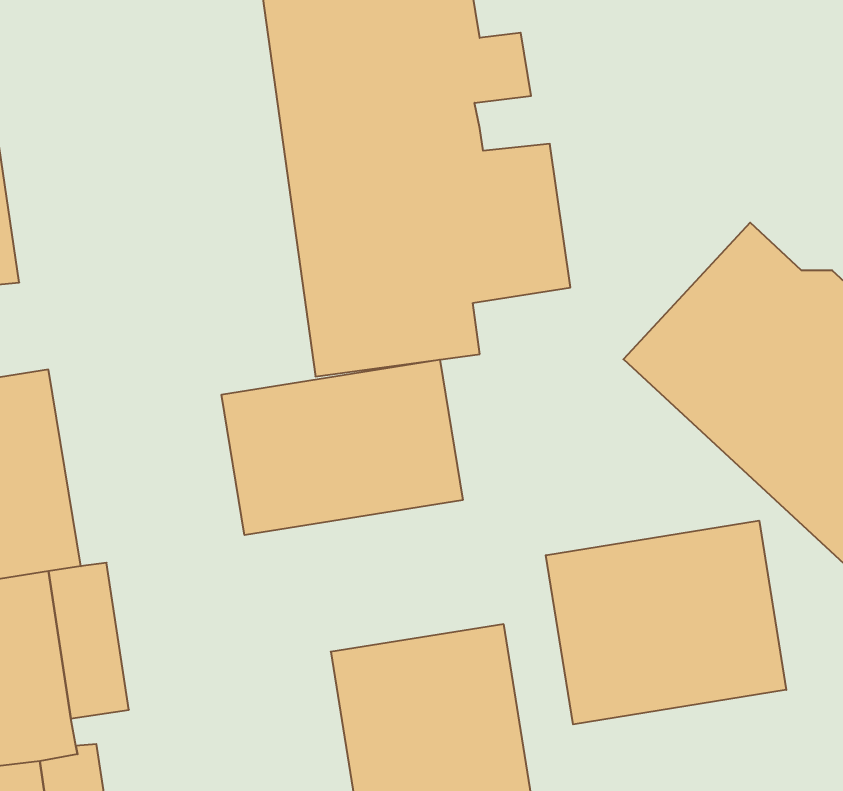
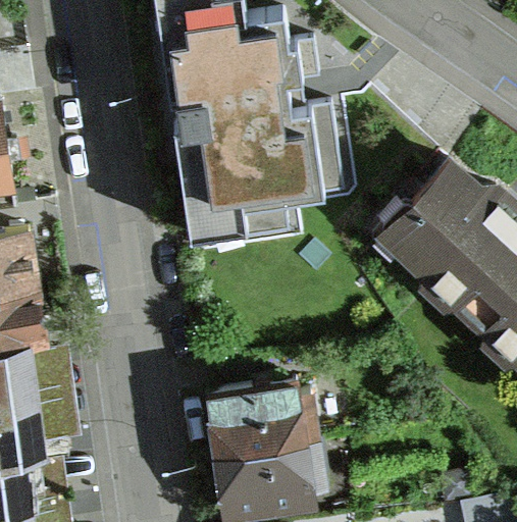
building: [222,360,463,535] -> none
building: [546,521,786,724] -> none

